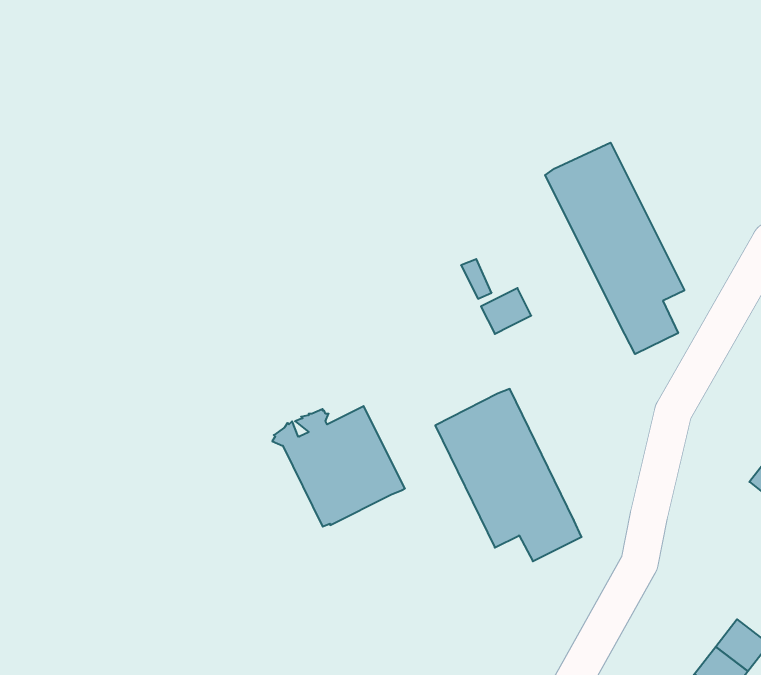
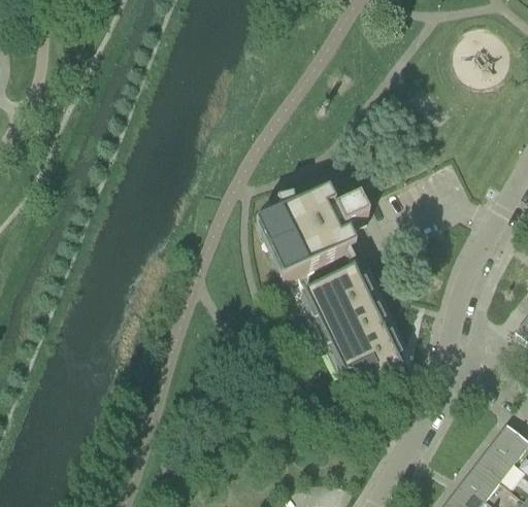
building: [545,143,684,354] -> none
building: [272,406,405,527] -> [259,196,349,277]

